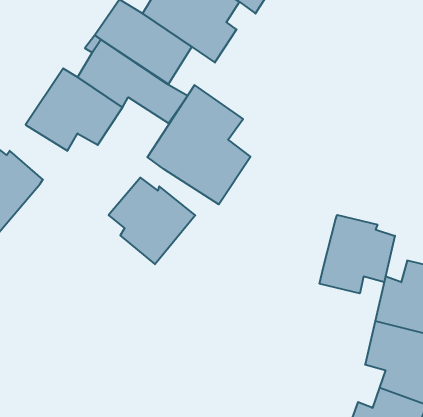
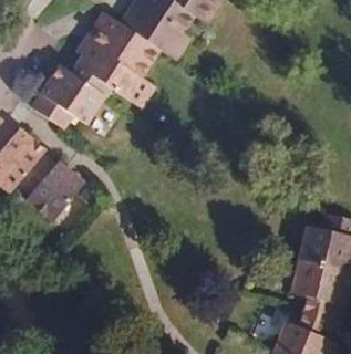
building: [147,85,250,204] -> none
building: [109,178,195,264] -> [17,154,83,220]
building: [320,215,395,293] -> none

